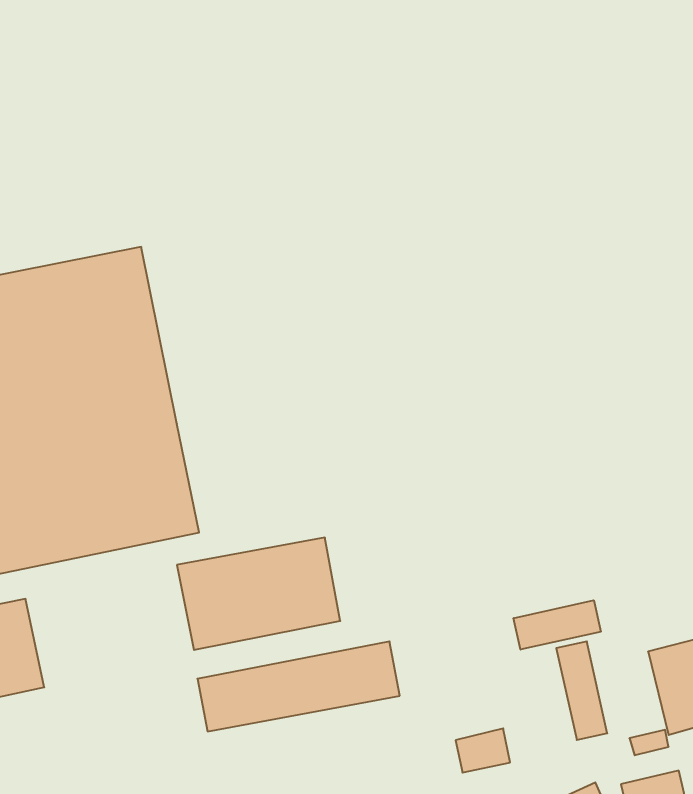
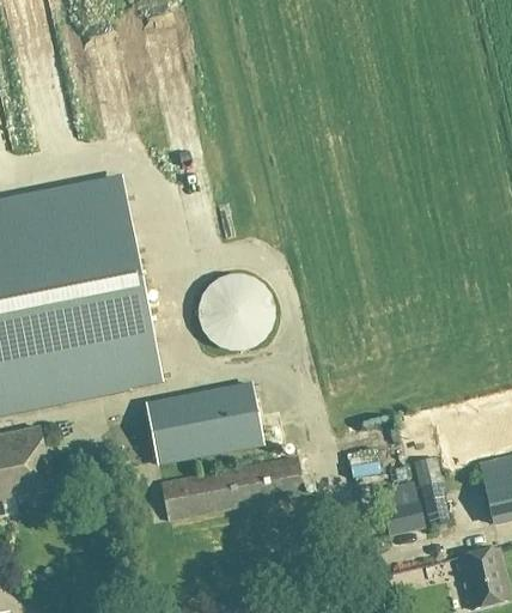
building: none -> [196,273,274,350]
building: [514,600,601,650] -> none
building: [456,728,510,773] -> [384,502,422,533]

